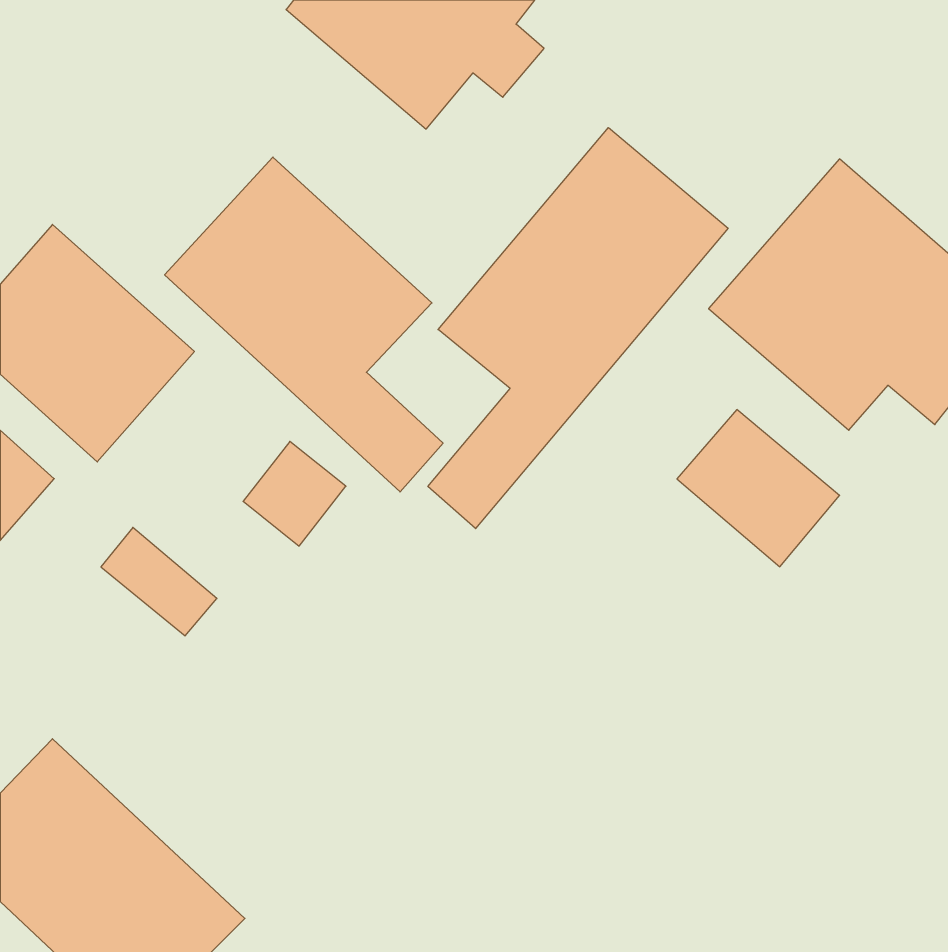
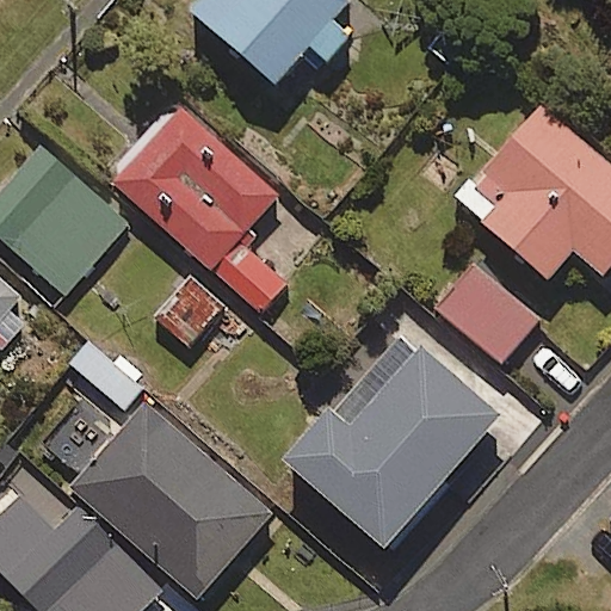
building: [428,128,728,529] -> none
building: none -> [278,328,494,547]
building: none -> [70,401,272,599]

